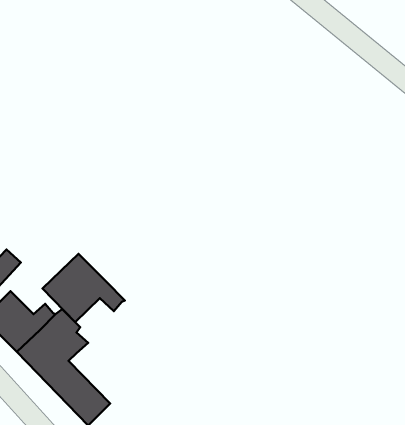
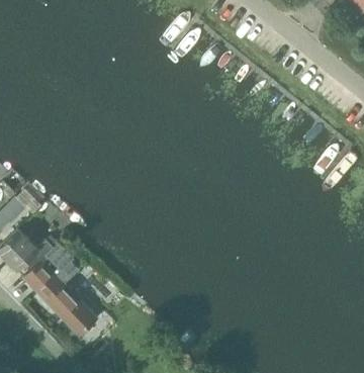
building: [43,254,125,322] -> none

